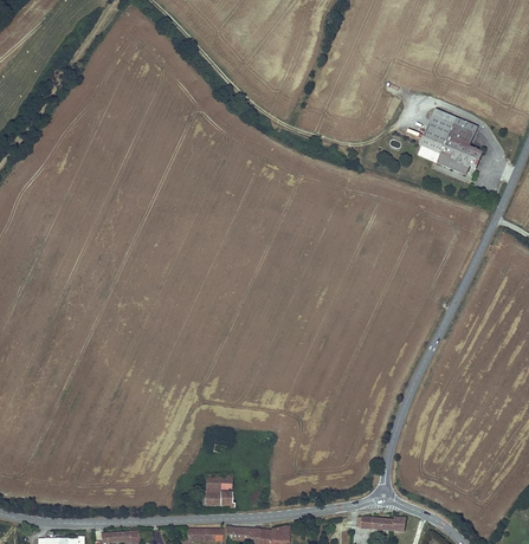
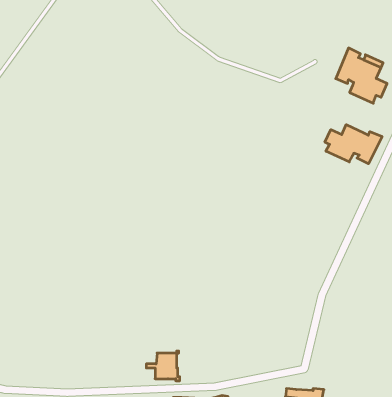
building: none -> [325,125,382,164]

